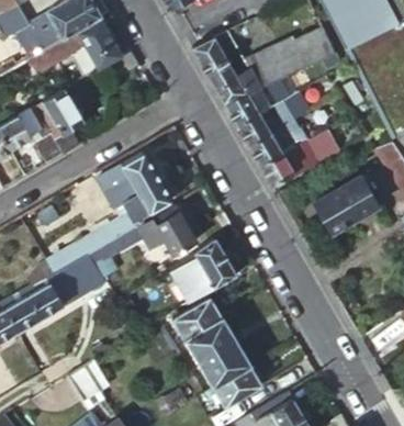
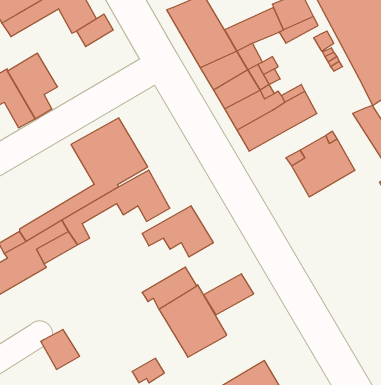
building: [213,368,262,408] -> [204,274,254,315]

